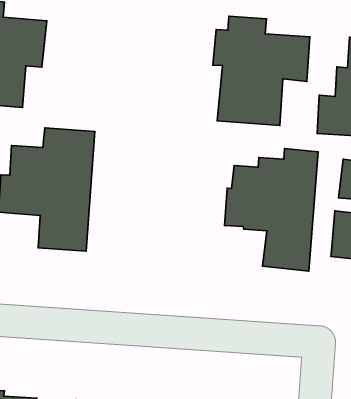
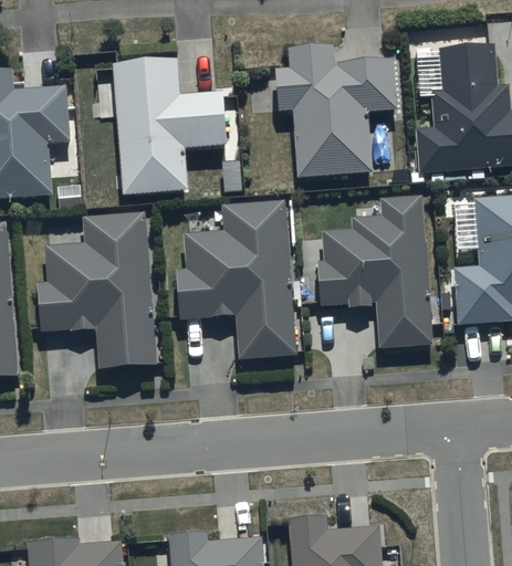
building: none -> [112,56,223,191]
building: none -> [173,197,296,355]

